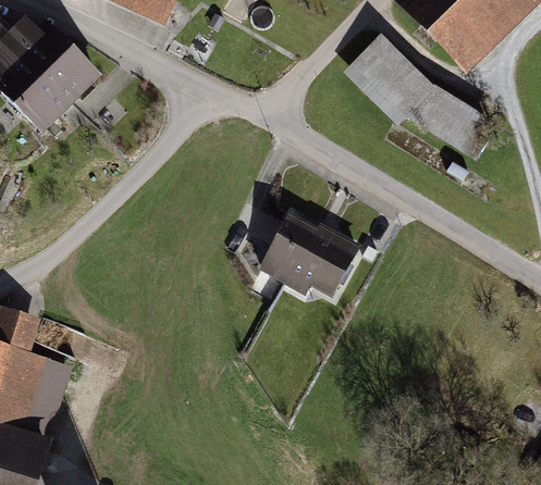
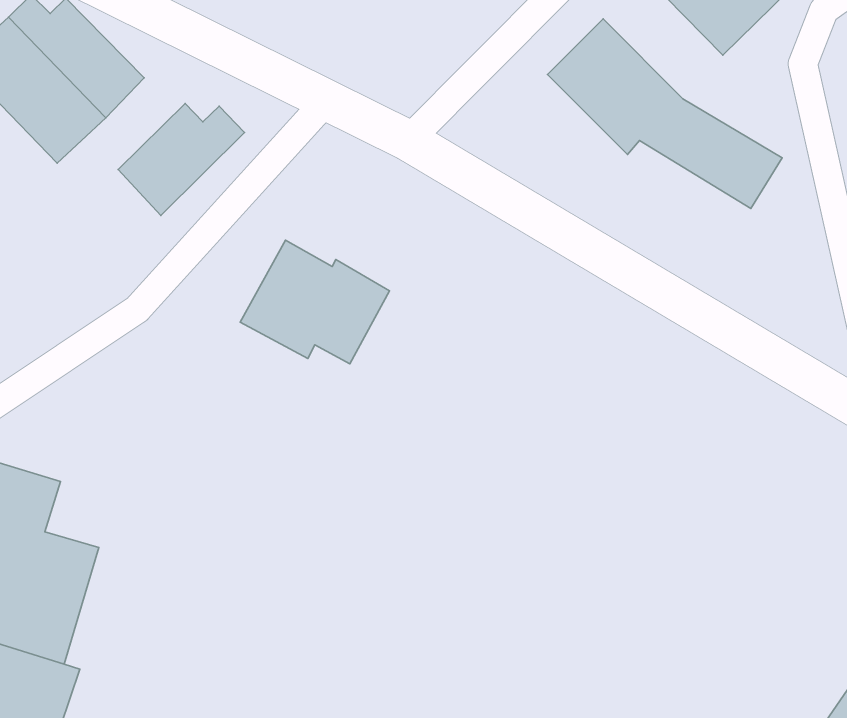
building: none -> [118,104,245,216]
building: [263,217,357,295] -> [240,240,390,364]

